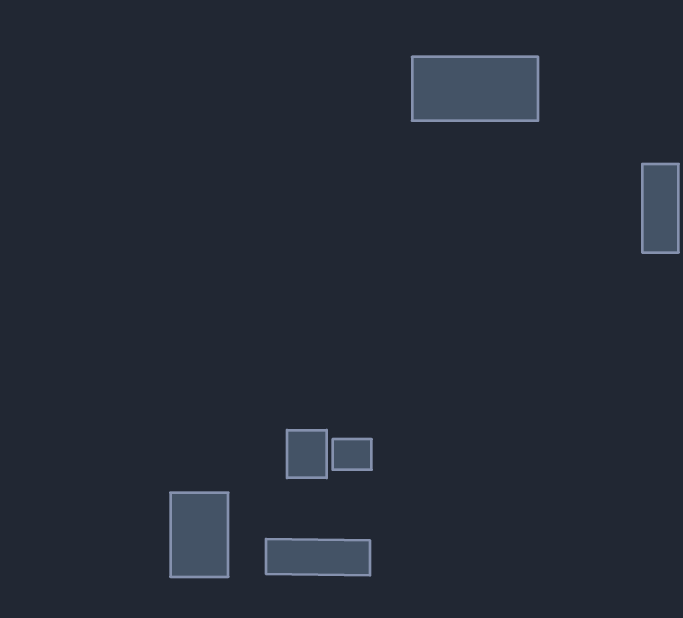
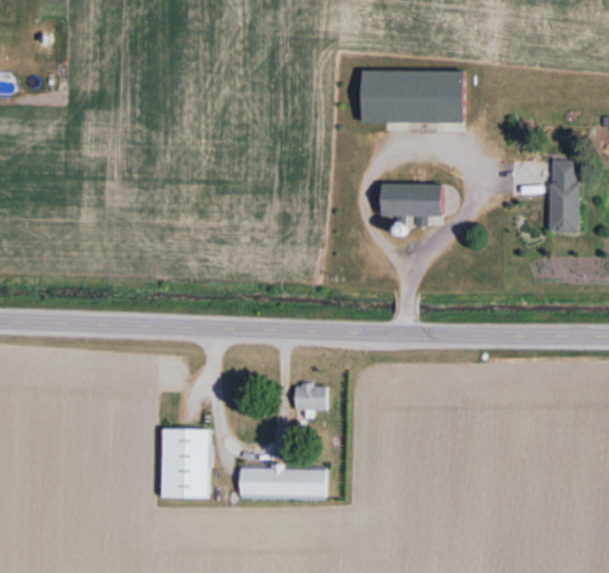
building: none -> [381,183,442,216]
building: [287,430,327,478] -> none

